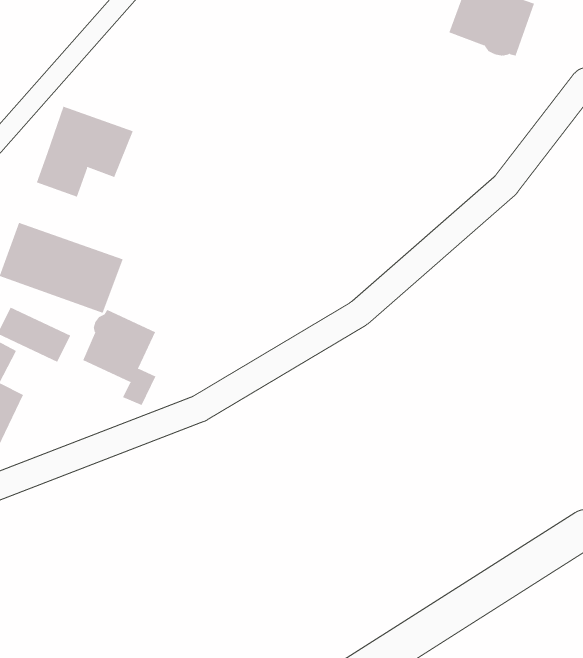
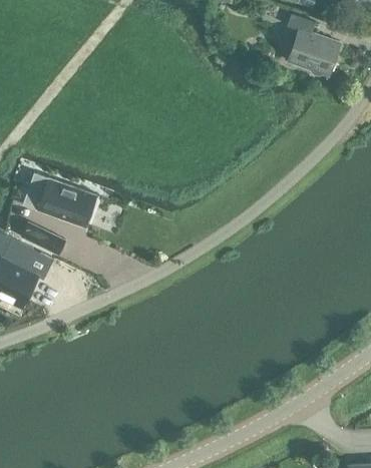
building: [36,106,134,197] -> none
building: [82,309,156,406] -> none

